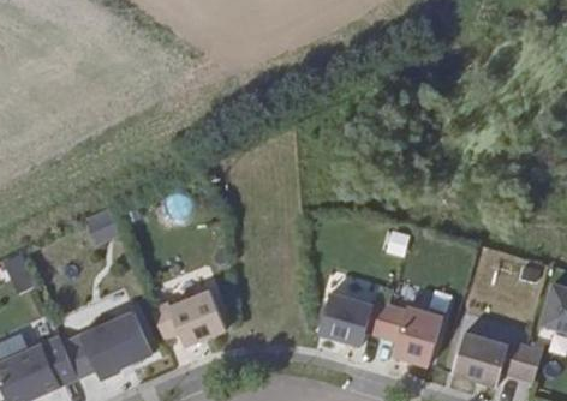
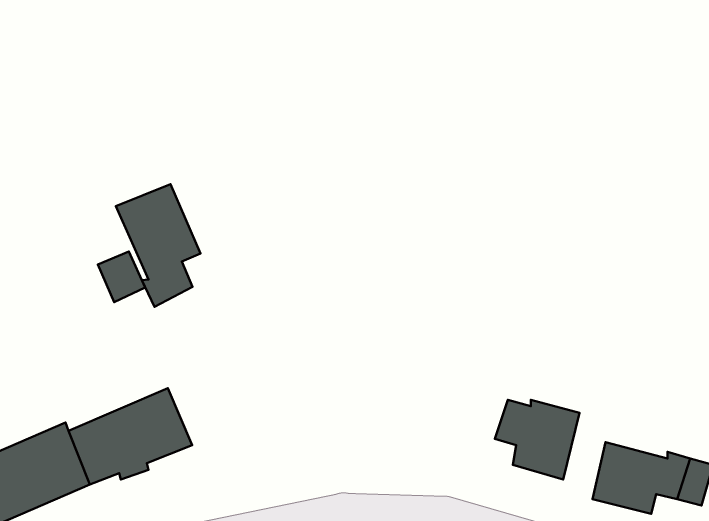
building: none -> [116,184,200,307]
building: [159,274,238,340] -> none
building: [323,292,395,347] -> none

